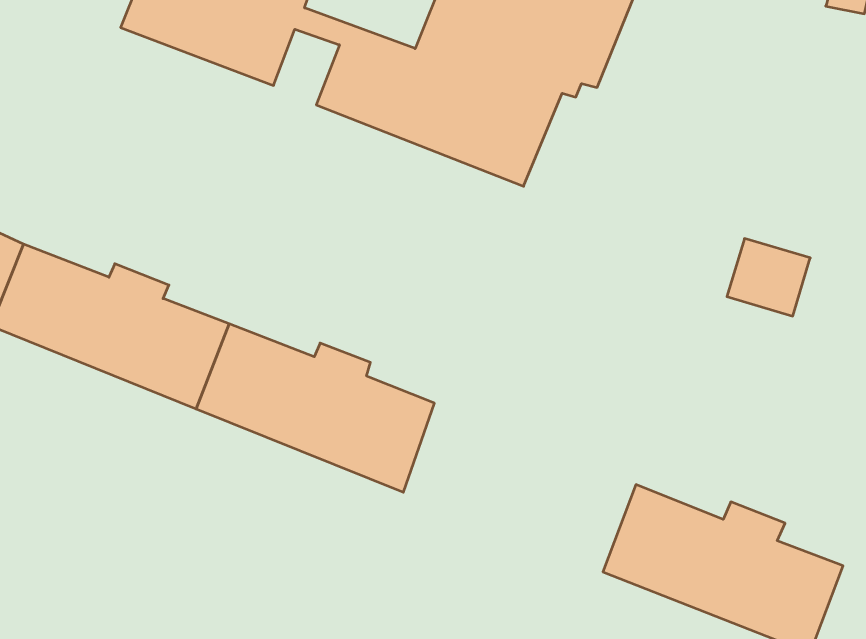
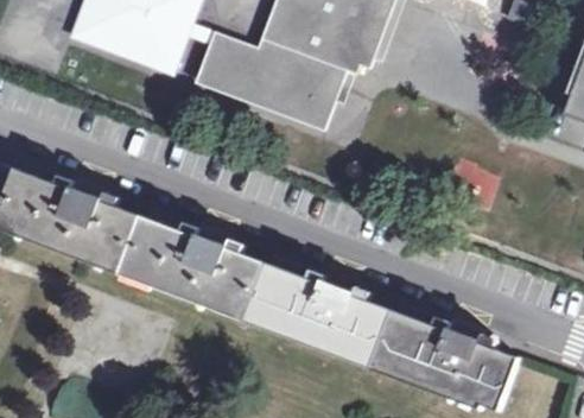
building: none -> [248,262,391,366]

